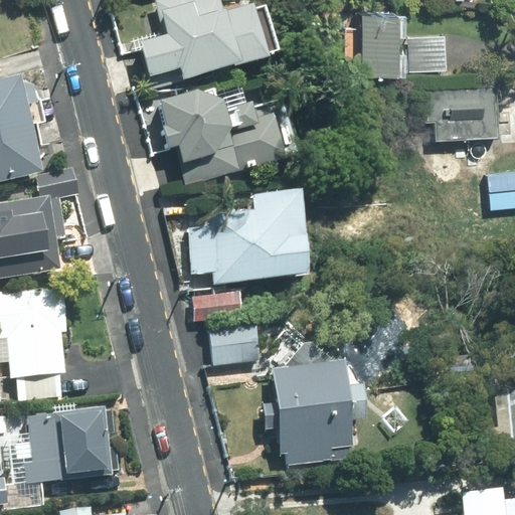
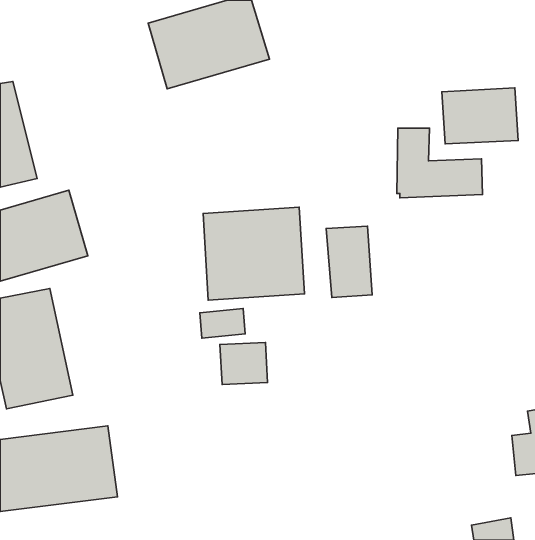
building: [362,5,444,71] -> [397,128,482,198]
building: [172,82,283,187] -> none
building: none -> [326,226,372,297]
building: [260,368,357,465] -> none

